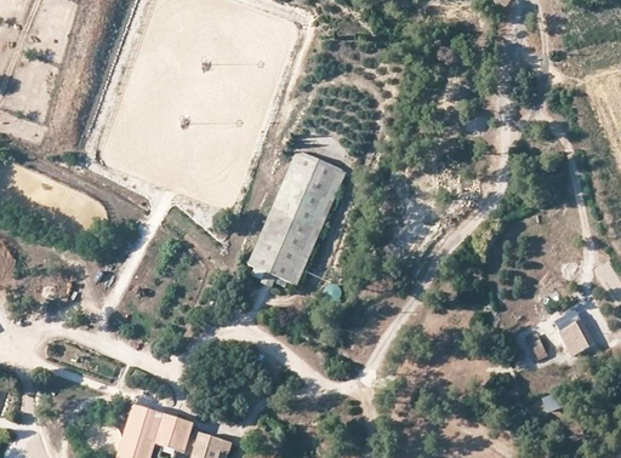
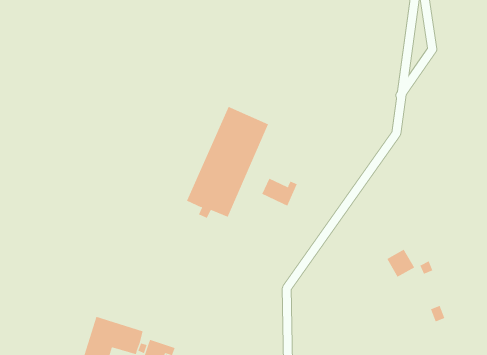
building: none -> [261,178,298,206]
building: [560,317,596,353] -> [386,249,415,278]

